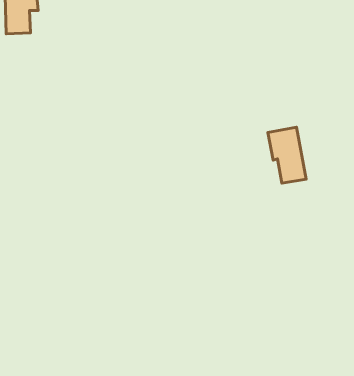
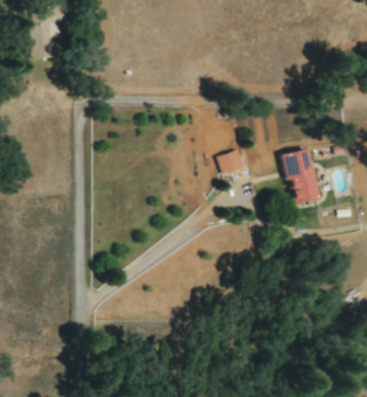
building: none -> [219,150,246,175]

